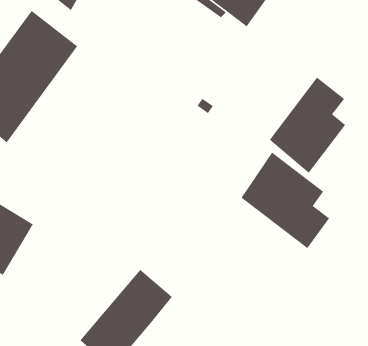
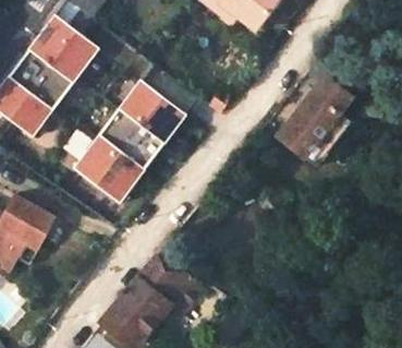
building: none -> [73,80,187,204]
building: [240,152,330,249] -> none

